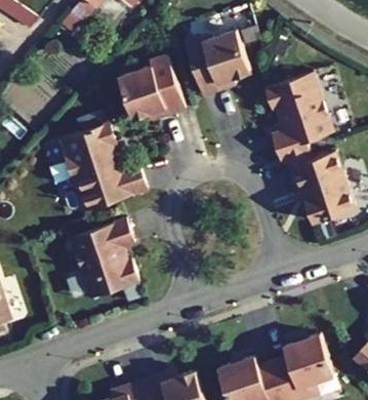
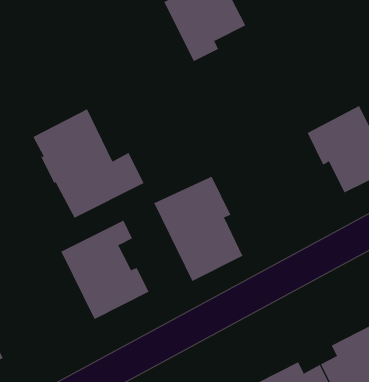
building: [120,56,187,119] -> none
building: [265,74,334,163] -> none
building: none -> [153,176,243,282]

